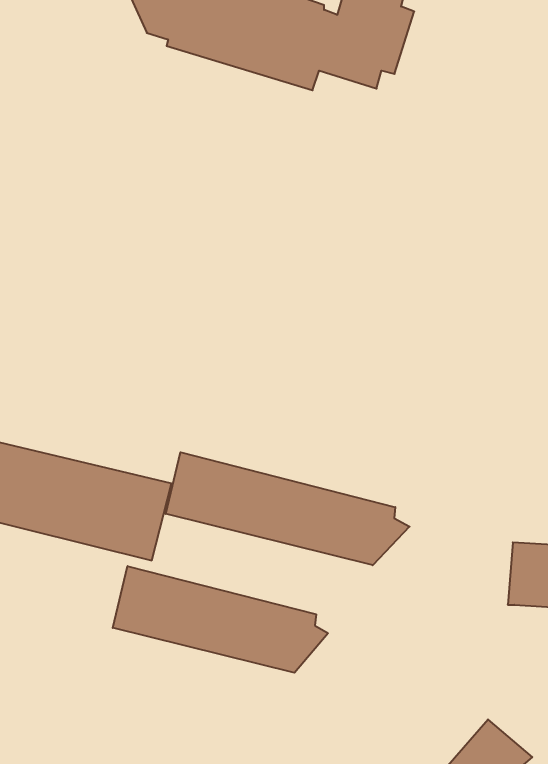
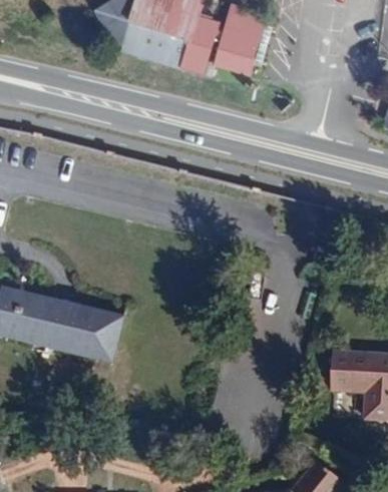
building: [166,452,410,565] -> none
building: [113,566,328,673] -> none

